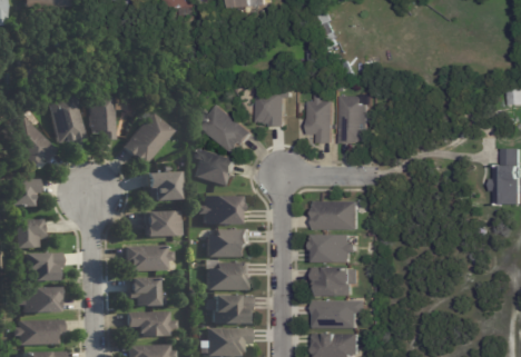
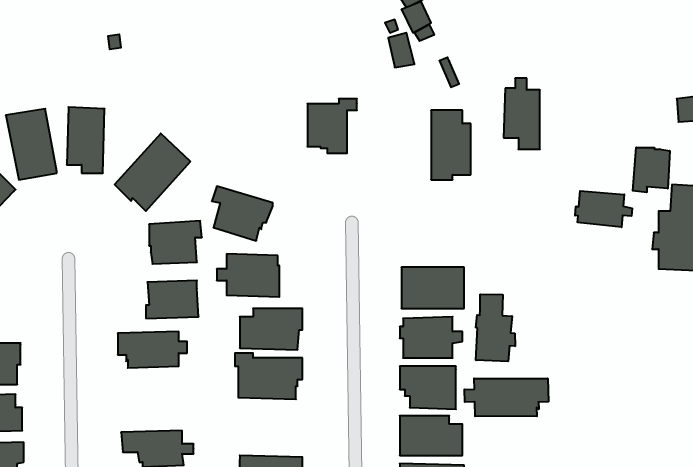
building: [304,93,328,141] -> [504,78,540,149]
building: [191,103,249,151] -> none
building: none -> [633,147,670,192]
building: none -> [575,191,632,227]
building: none -> [476,294,515,361]
building: none -> [464,378,548,416]
building: [128,277,164,305] -> none
building: [206,295,250,323] -> none

